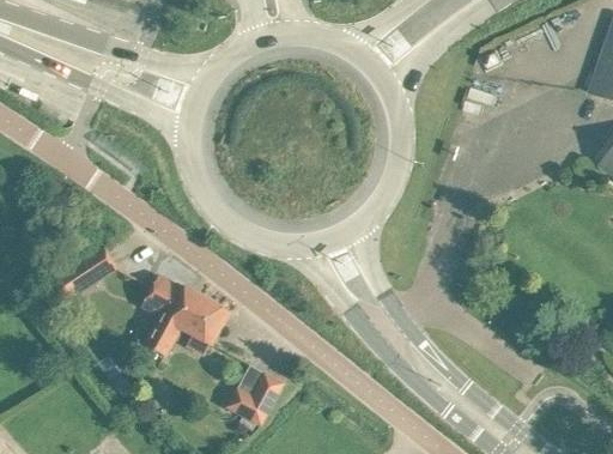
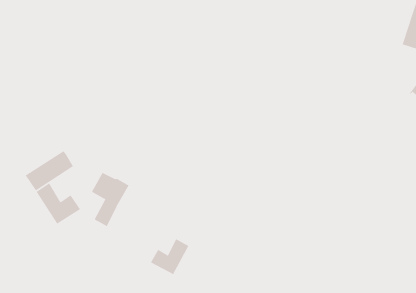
building: none -> [36,182,81,225]
building: [178,293,227,353] -> none

